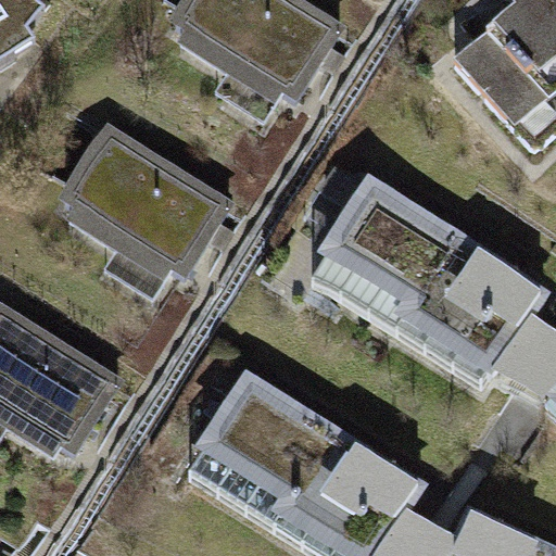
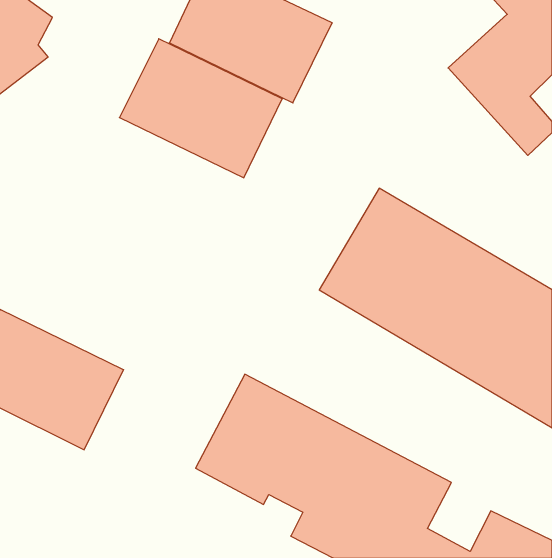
building: [48,138,210,276] -> [119,39,282,178]

